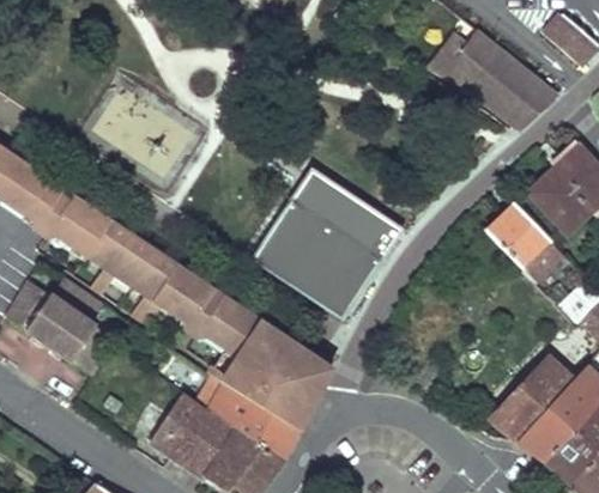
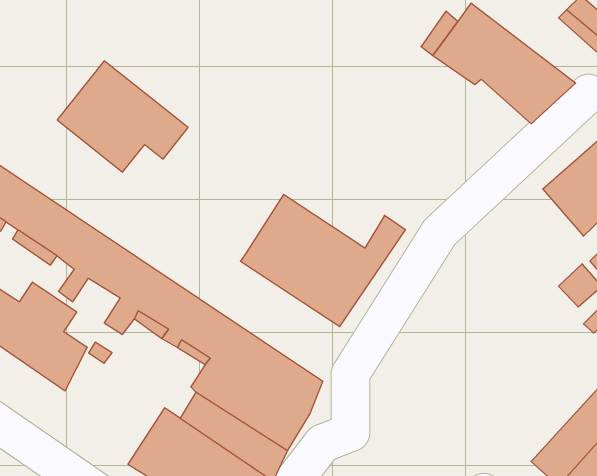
building: [292,165,385,244] -> none
building: [485,202,549,266] -> none
building: [494,358,574,439] -> none

